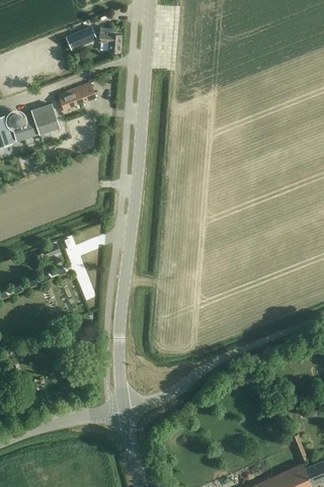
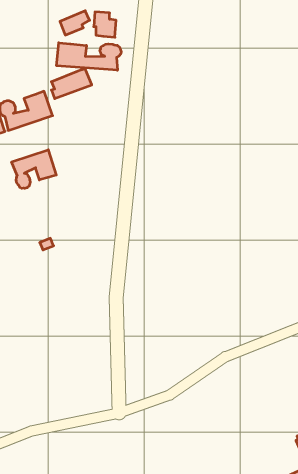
building: none -> [57,43,121,70]
building: none -> [12,150,56,188]

